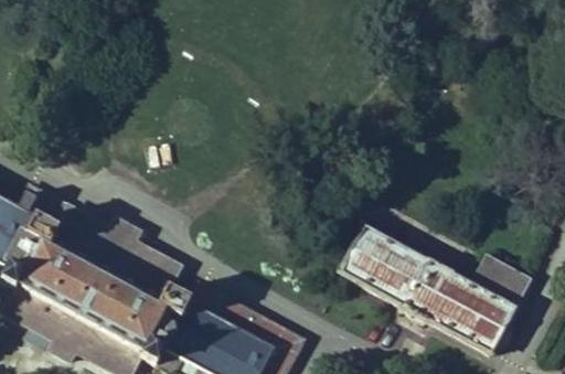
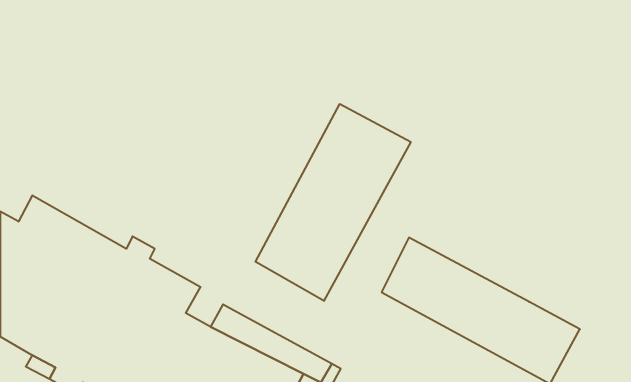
building: none -> [255,104,411,301]
building: [471,255,531,303] -> none

